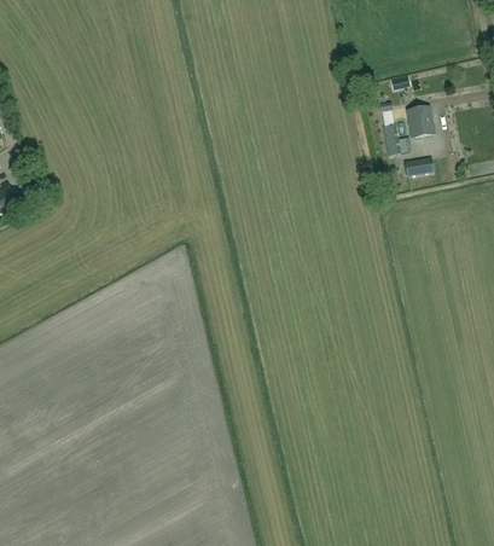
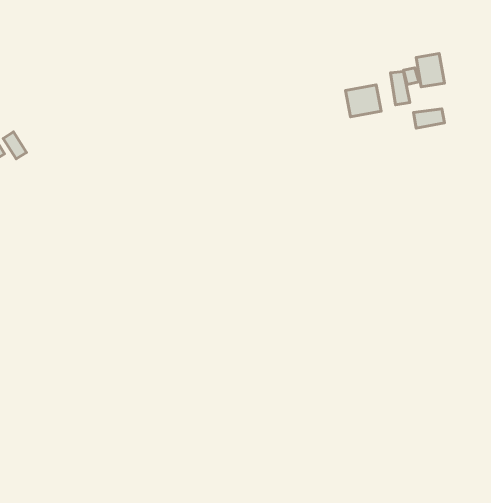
building: none -> [345,85,381,117]

